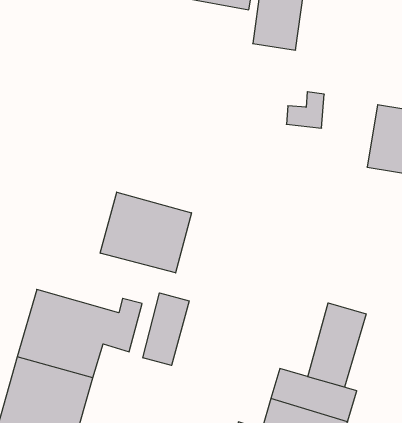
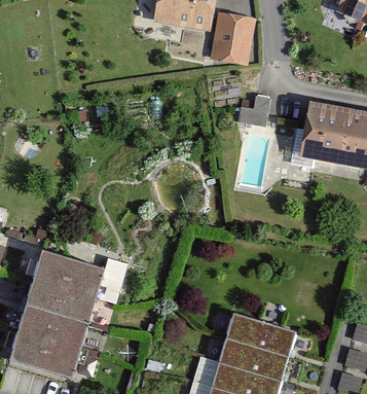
building: [100,192,191,273] -> none
building: [143,293,189,365] -> none
building: [308,303,366,387] -> none

